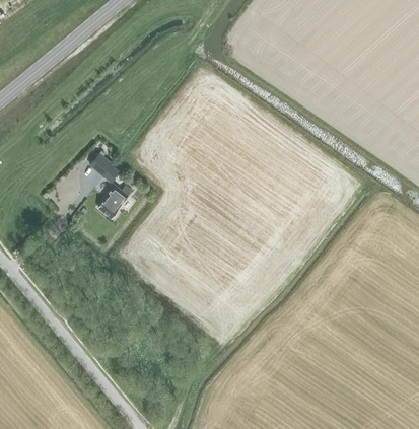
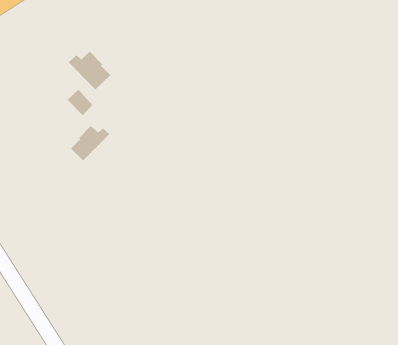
building: none -> [68,51,111,90]

